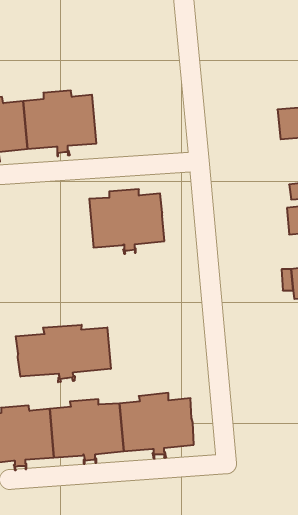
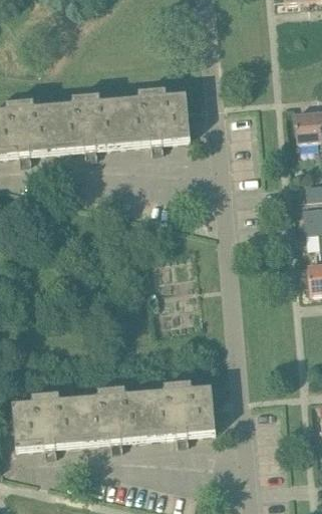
building: [89,189,164,254] -> [119,87,191,149]
building: [16,325,111,382] -> none

